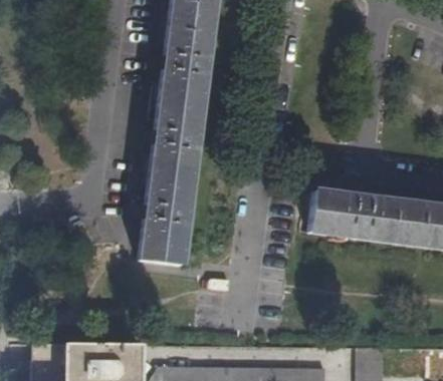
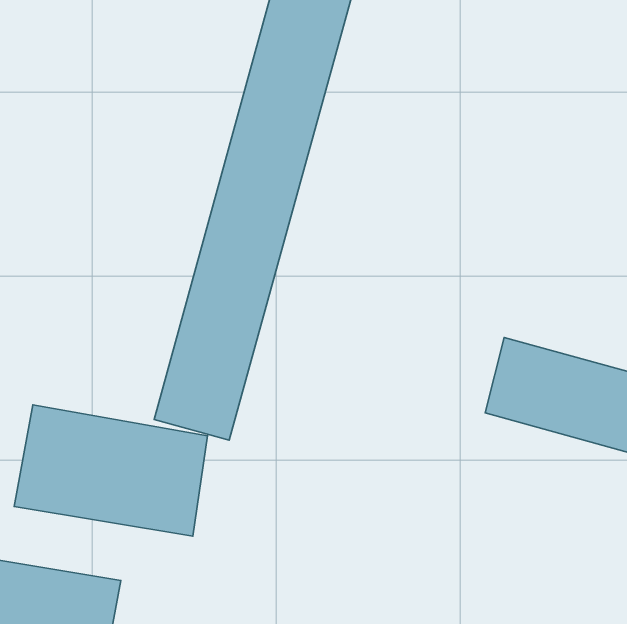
building: none -> [14,405,208,536]

